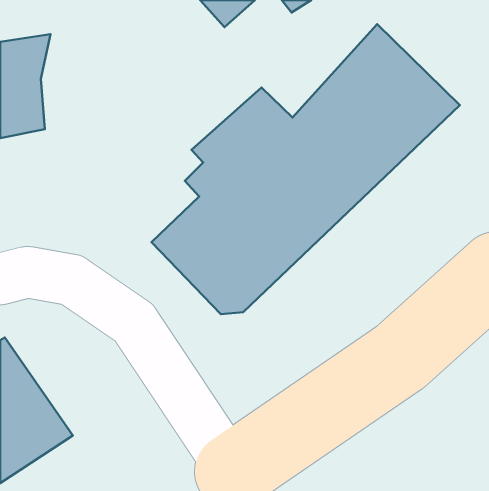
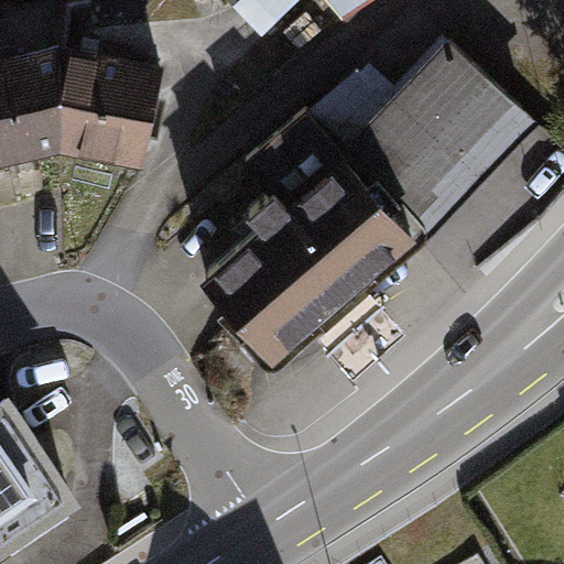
building: none -> [55,45,167,165]

